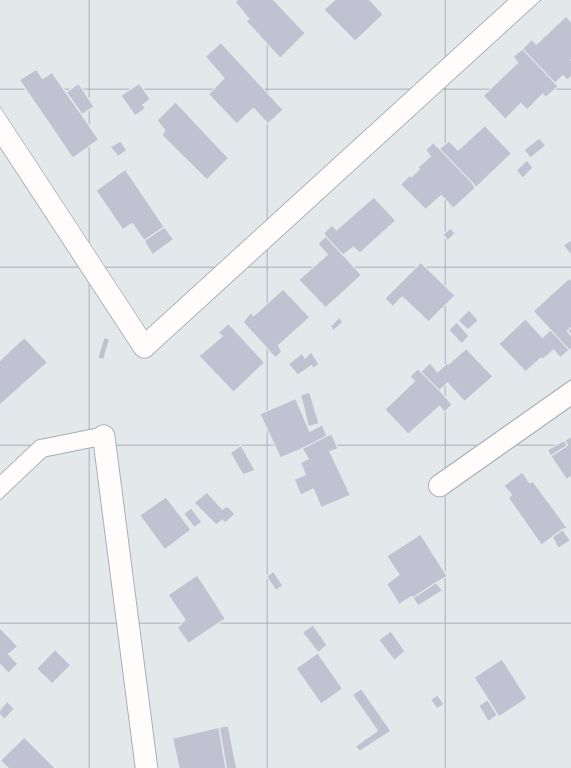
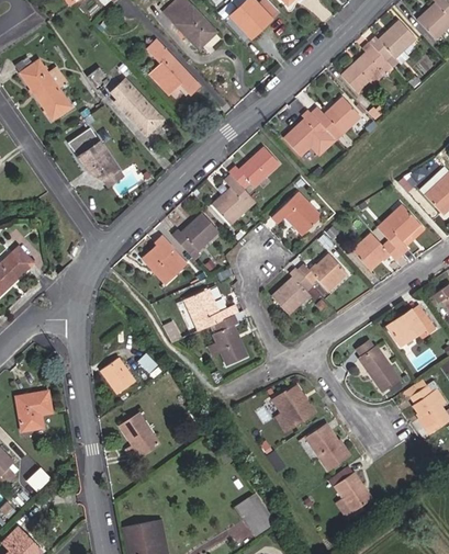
building: none -> [14,391,52,432]
building: none -> [305,423,348,470]
building: [296,653,343,704] -> [233,497,266,533]

